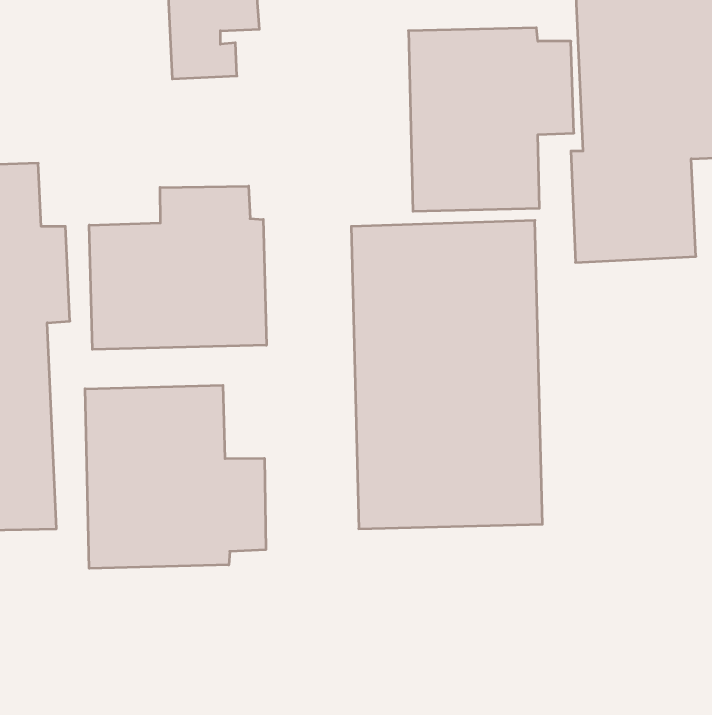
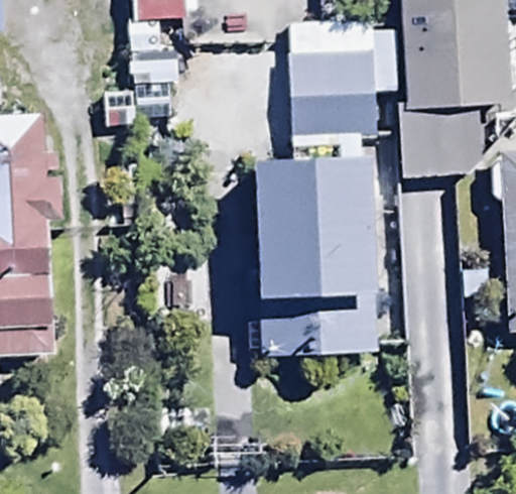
building: [89,186,266,349] -> none
building: [85,385,266,568] -> none

